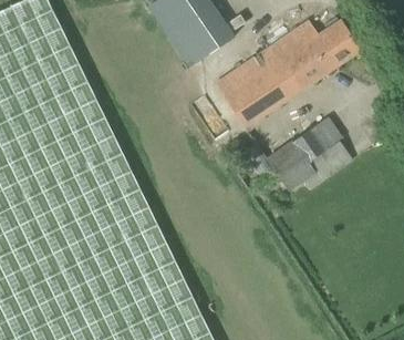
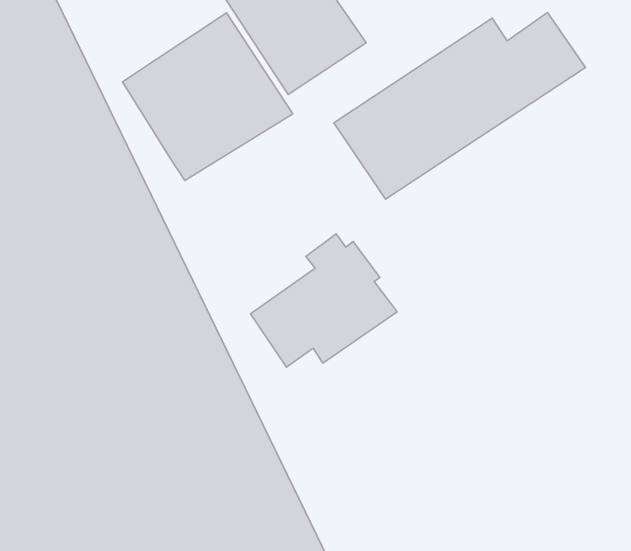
building: none -> [122,13,293,181]
building: [267,113,352,190] -> [250,234,397,367]

